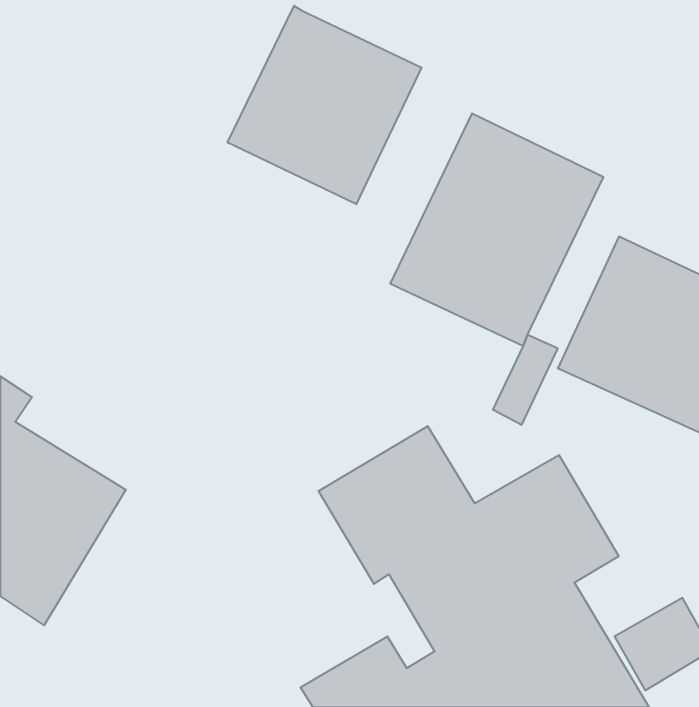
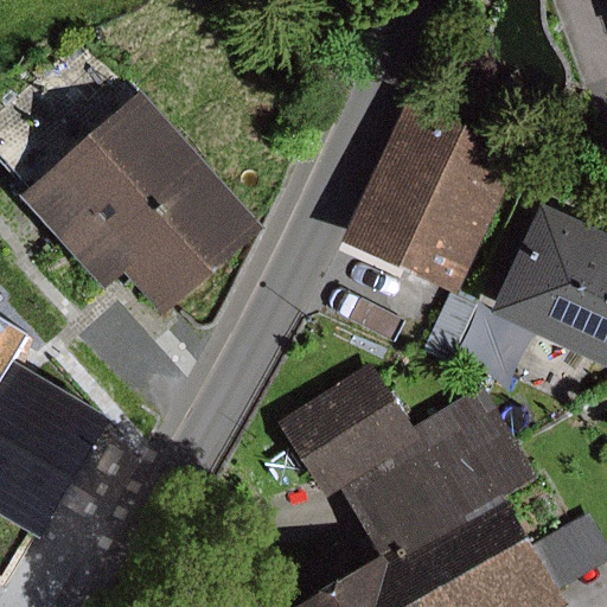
building: [228,6,421,204] -> none
building: none -> [19,91,260,317]

